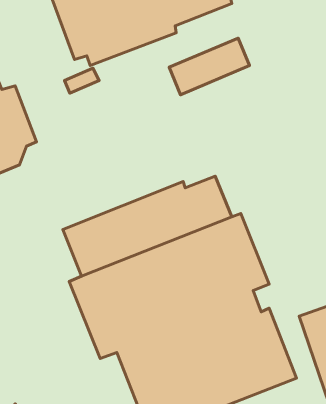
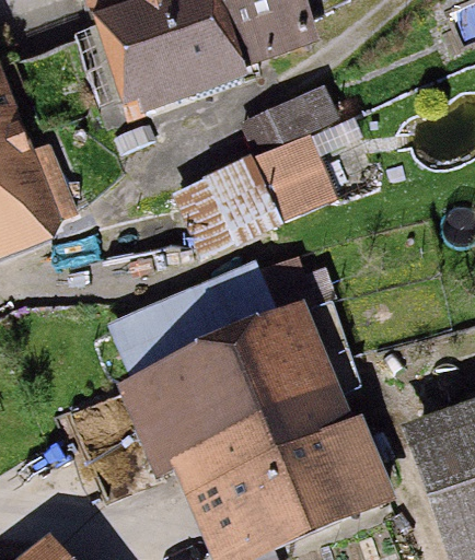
building: none -> [171,132,337,257]

